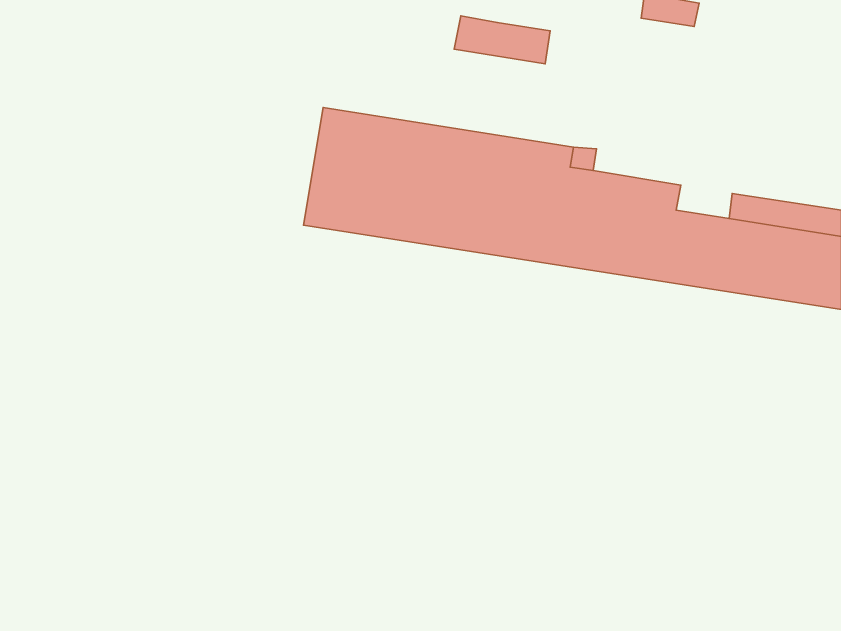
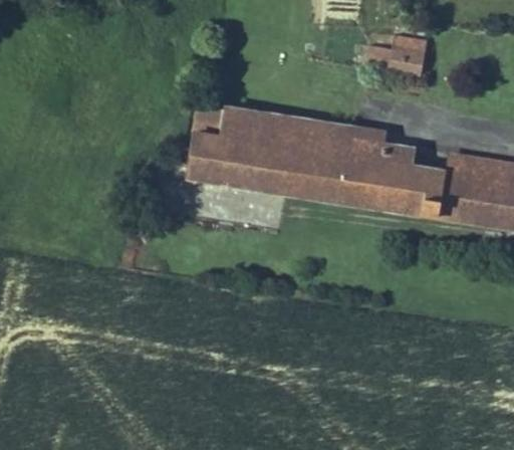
building: [454,16,550,64] -> [365,46,424,75]

